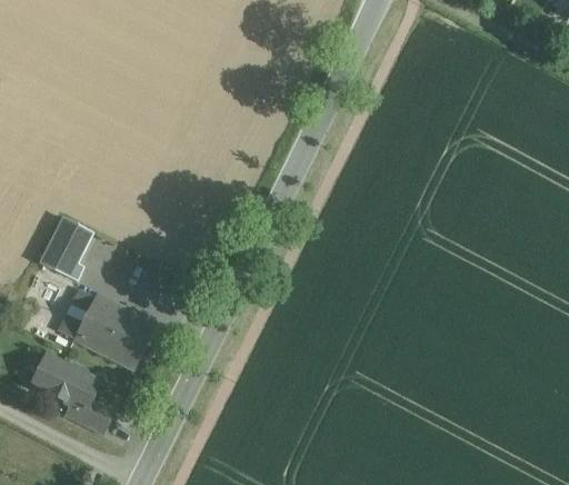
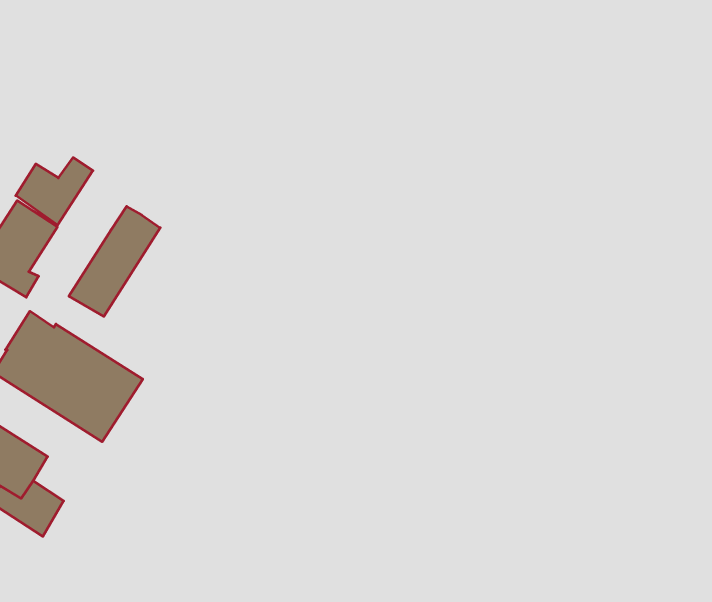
building: none -> [16,158,93,225]
building: none -> [69,206,160,316]

